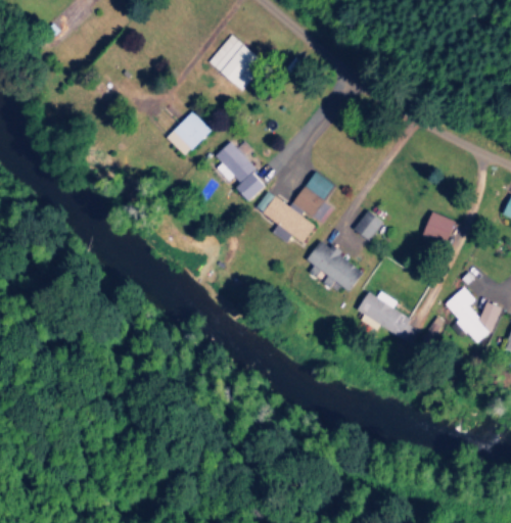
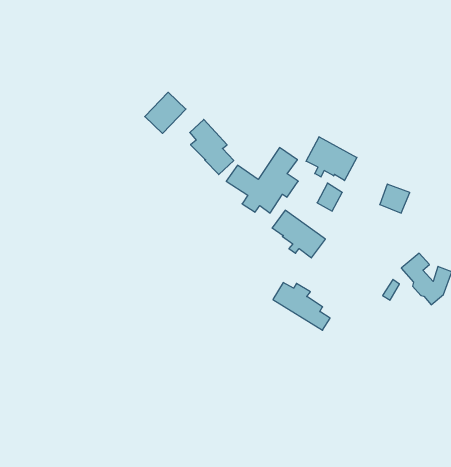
building: [208,36,256,91] -> none
building: none -> [306,137,357,181]
building: [357,292,419,344] -> [273,283,330,330]

